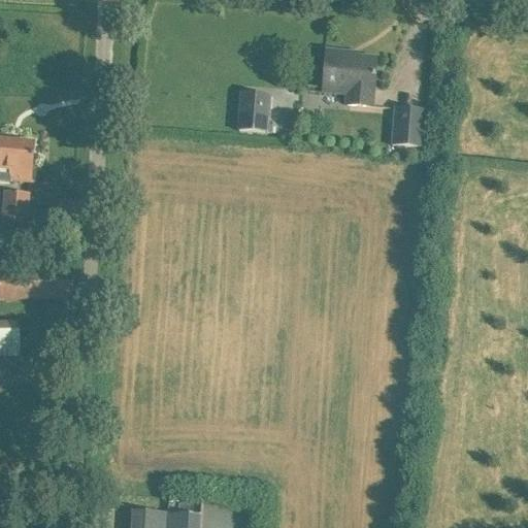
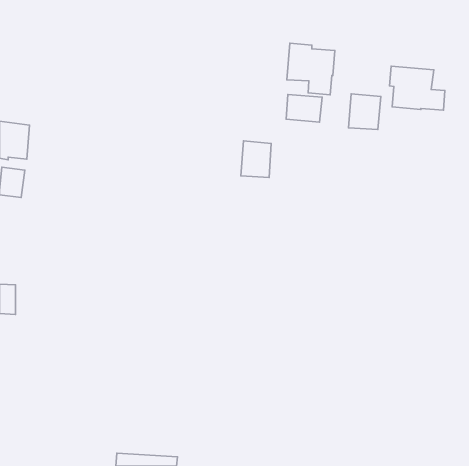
building: none -> [390,66,445,110]
building: [236,90,270,131] -> [241,141,271,178]
building: none -> [286,94,322,122]

